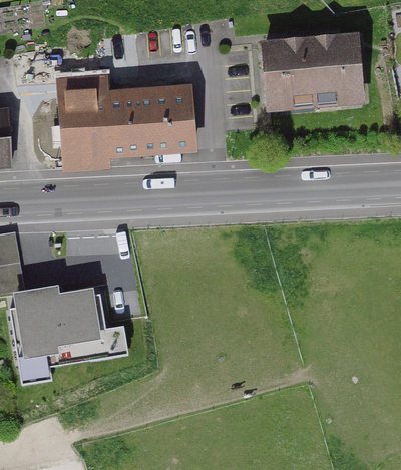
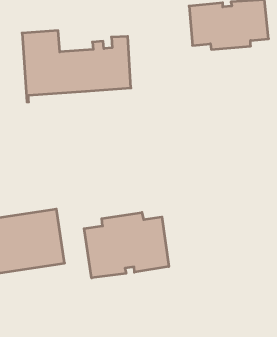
building: none -> [84,212,169,278]

